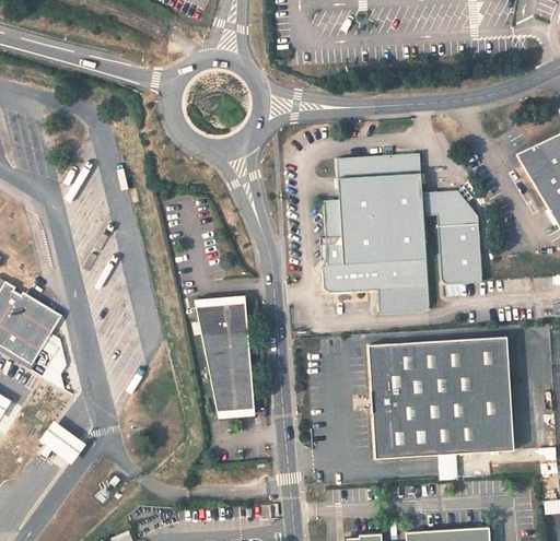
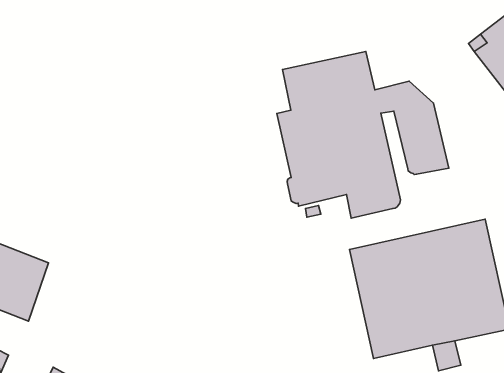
building: [205,299,262,411] -> none

